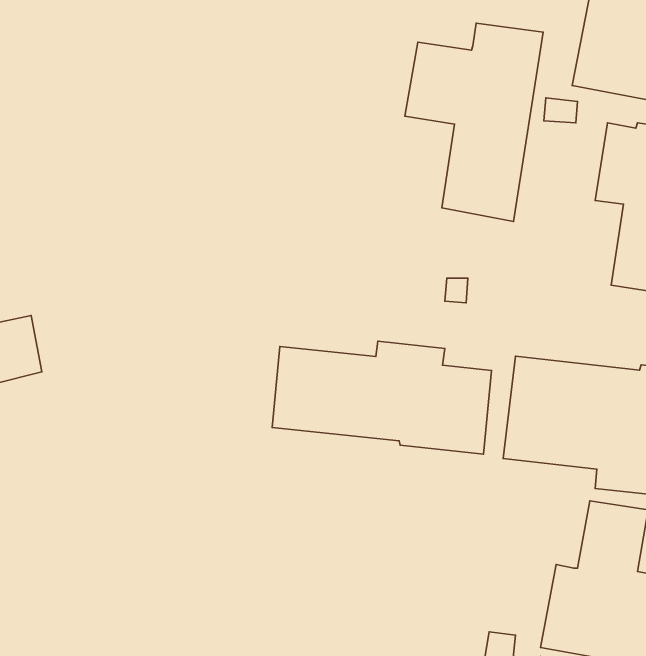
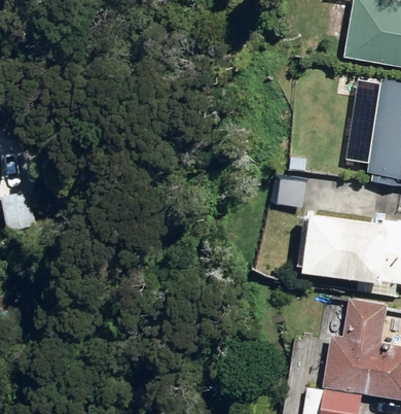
building: [405,23,543,222] -> none
building: [272,341,492,454] -> none

